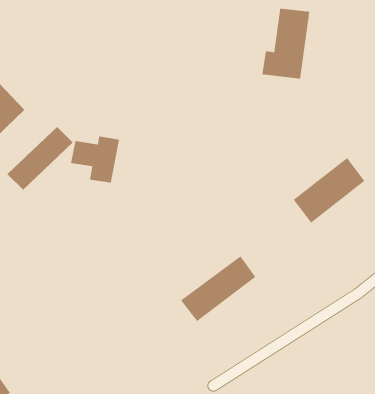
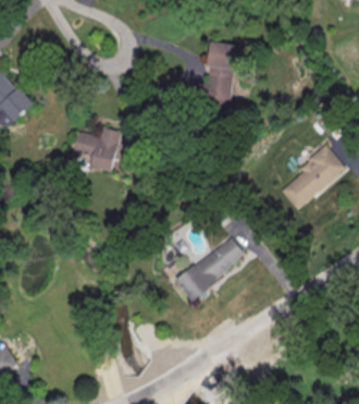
building: [262,8,310,79] -> [195,41,239,107]
building: [7,126,74,191] -> none

